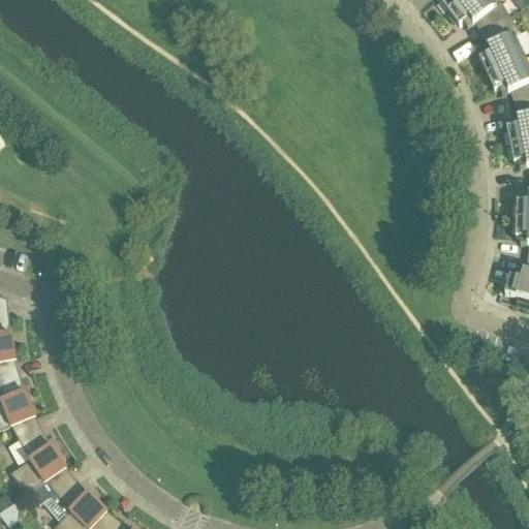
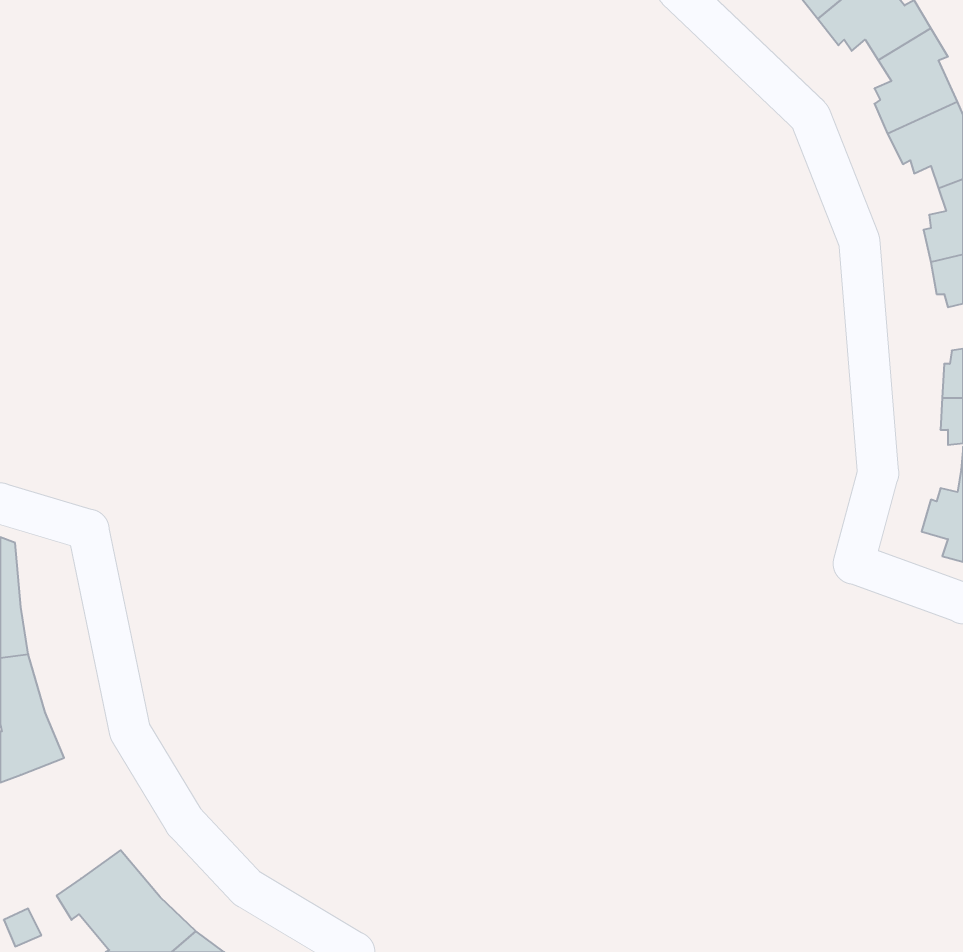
building: [11,415,66,494] -> none

